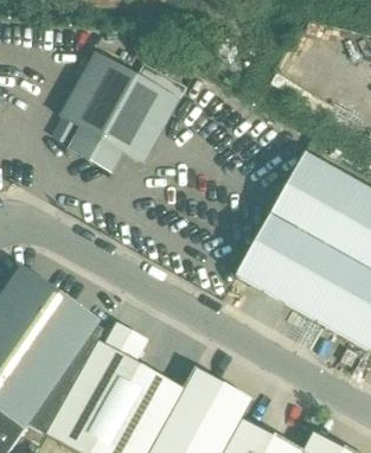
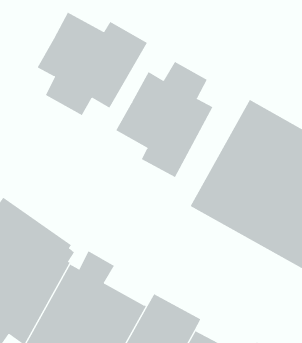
building: none -> [116,61,213,178]

